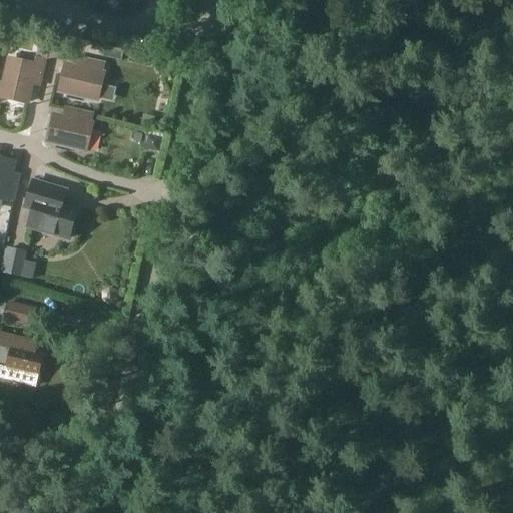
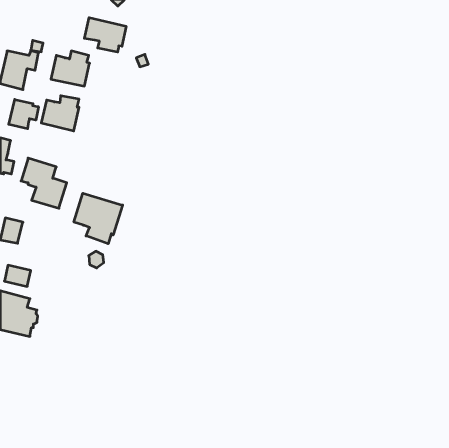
building: none -> [84,18,126,52]
building: none -> [9,99,38,129]
building: none -> [74,193,123,244]

